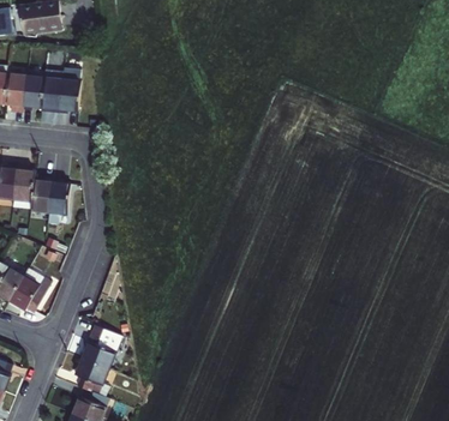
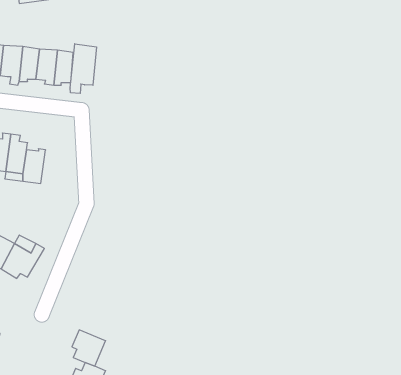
building: none -> [70,44,96,93]
building: [47,179,72,224] -> none
building: [86,324,127,369] -> none

